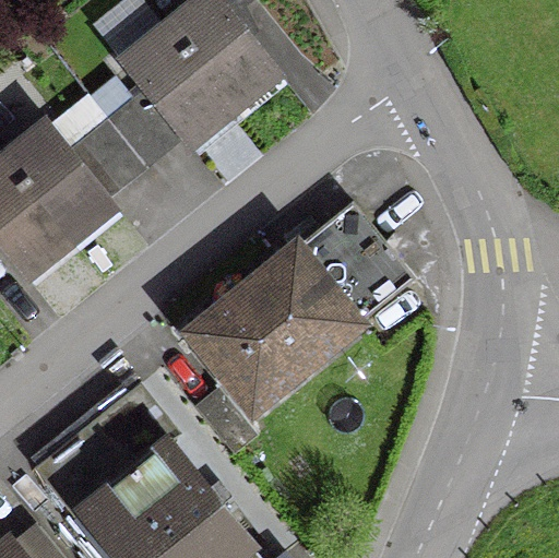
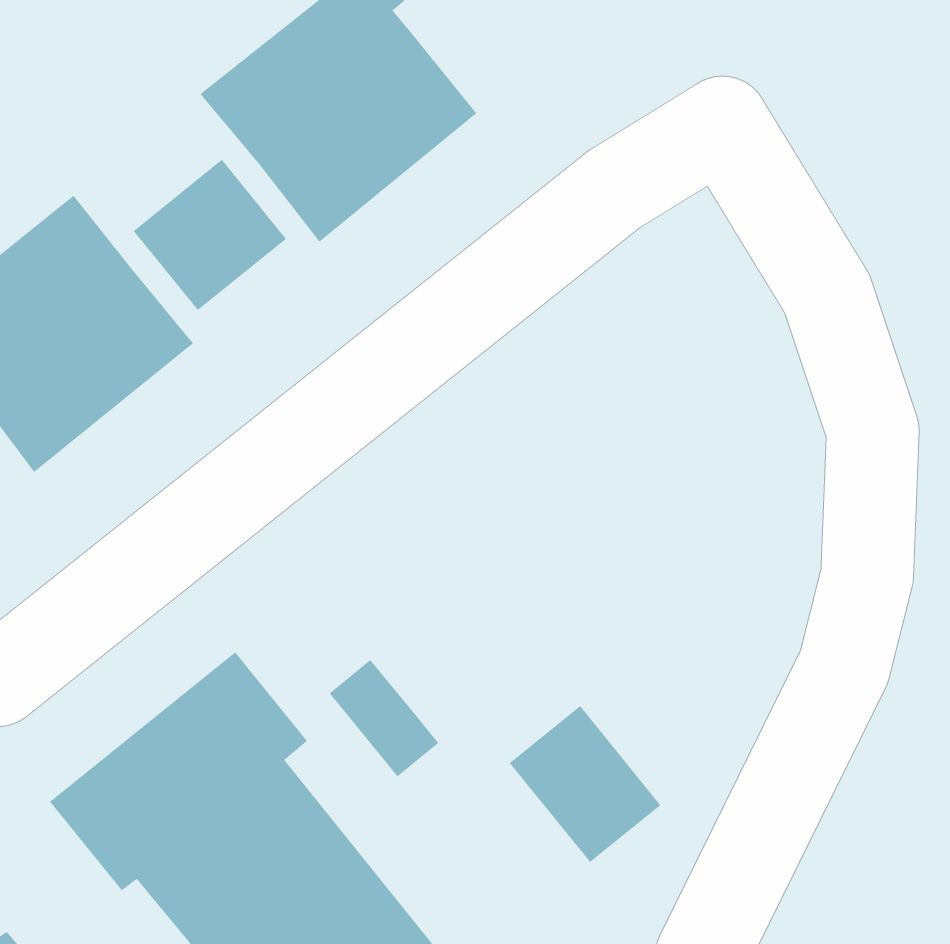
building: [190,203,414,411] -> none
building: none -> [509,705,661,863]

